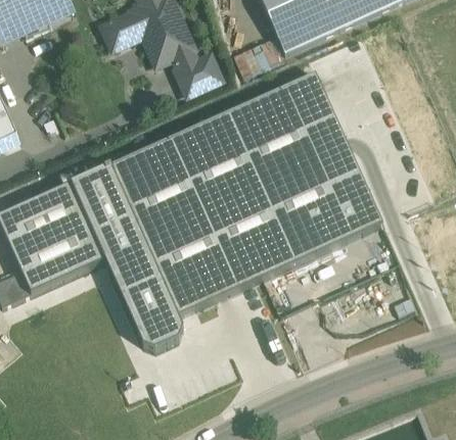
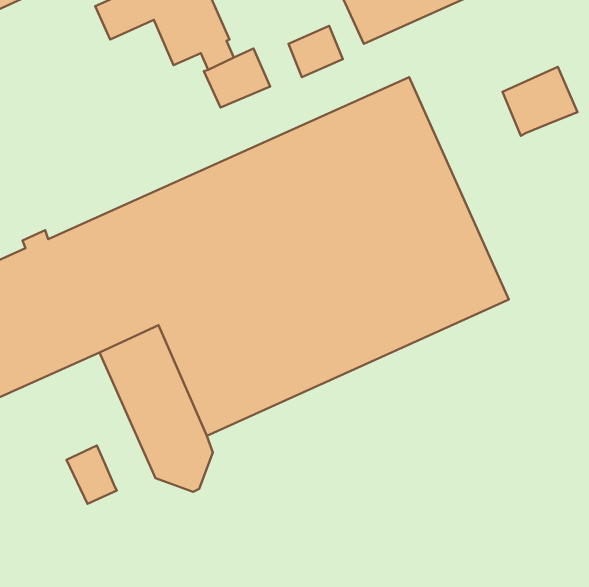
building: none -> [502,67,577,136]
building: none -> [67,446,117,504]

